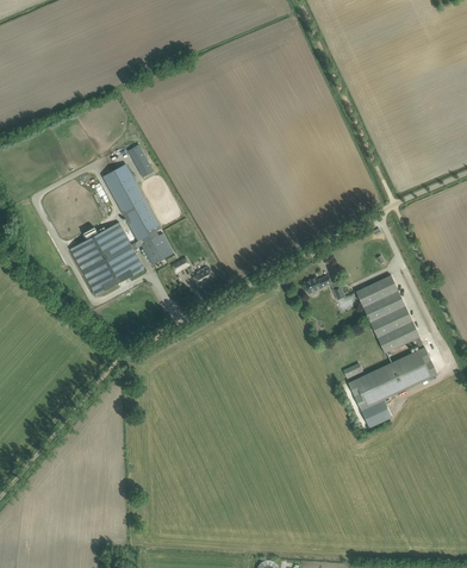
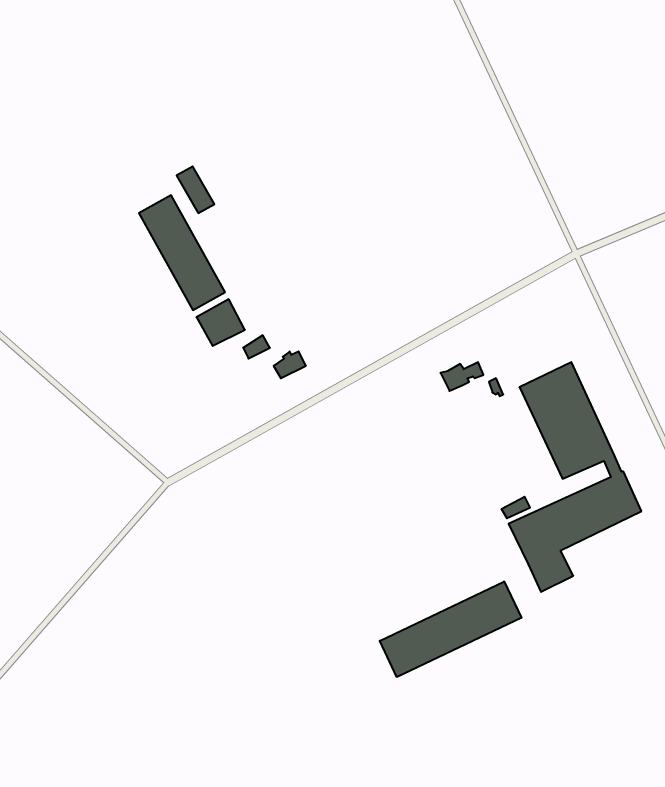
building: [69,221,144,294] -> none
building: none -> [380,581,521,677]

